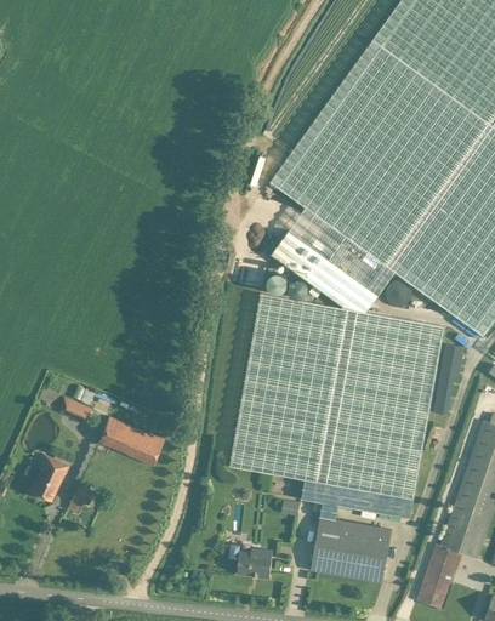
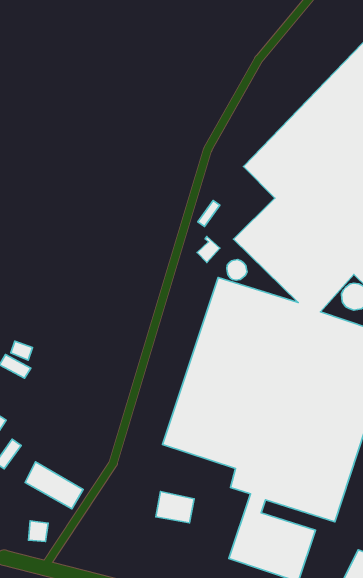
building: [101,418,159,460] -> [25,462,83,509]
building: [240,548,275,575] -> [156,492,194,523]

